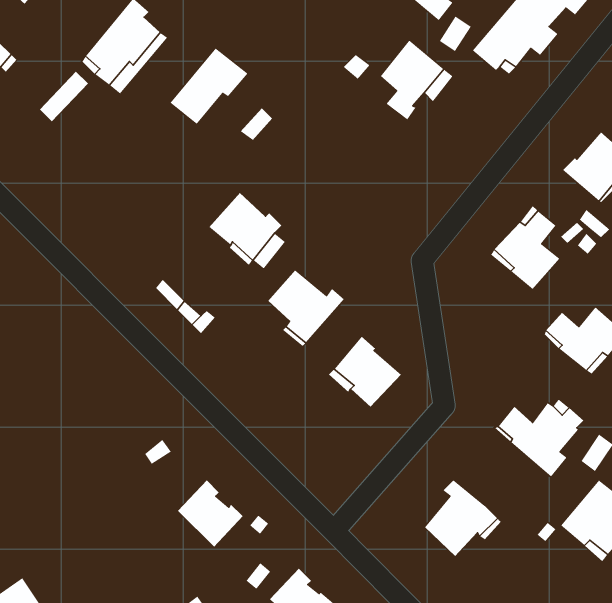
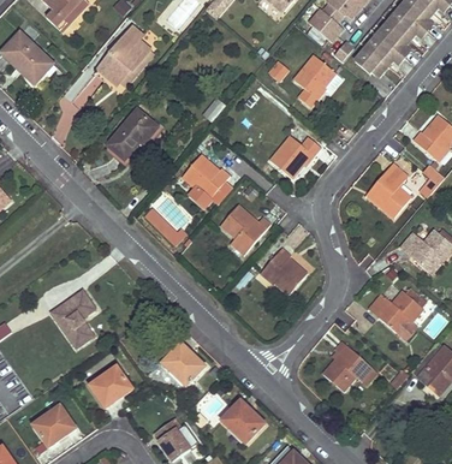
building: [169,48,249,125] -> [107,109,159,160]
building: none -> [269,135,321,176]
building: none -> [50,290,95,349]
building: none -> [89,365,131,408]

